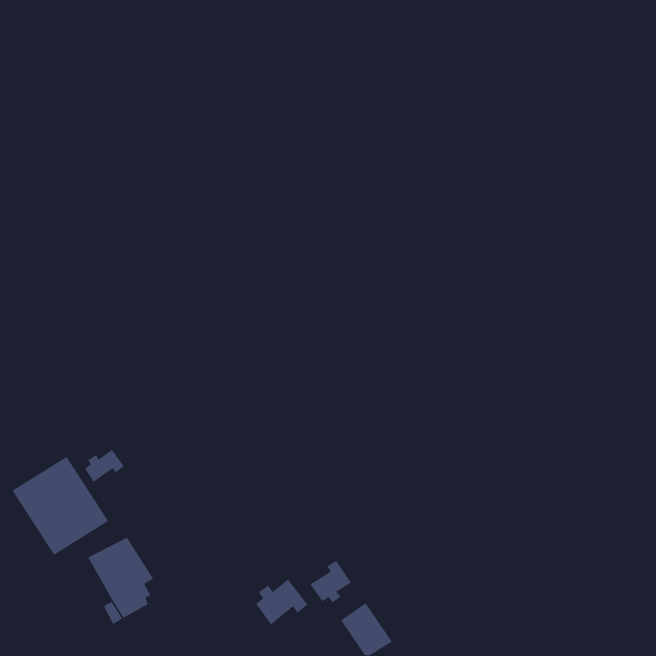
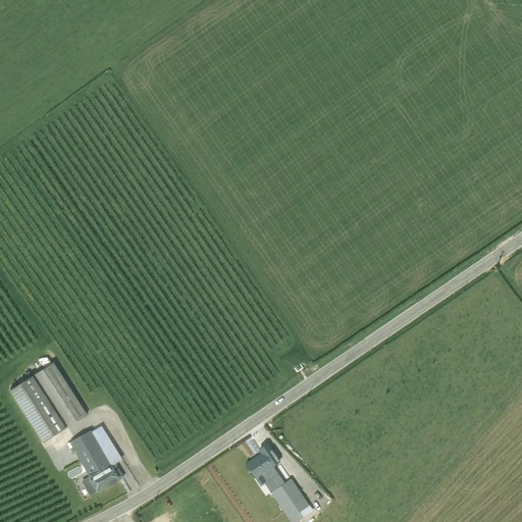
building: [84,449,125,483] -> none
building: [255,578,308,625] -> none

